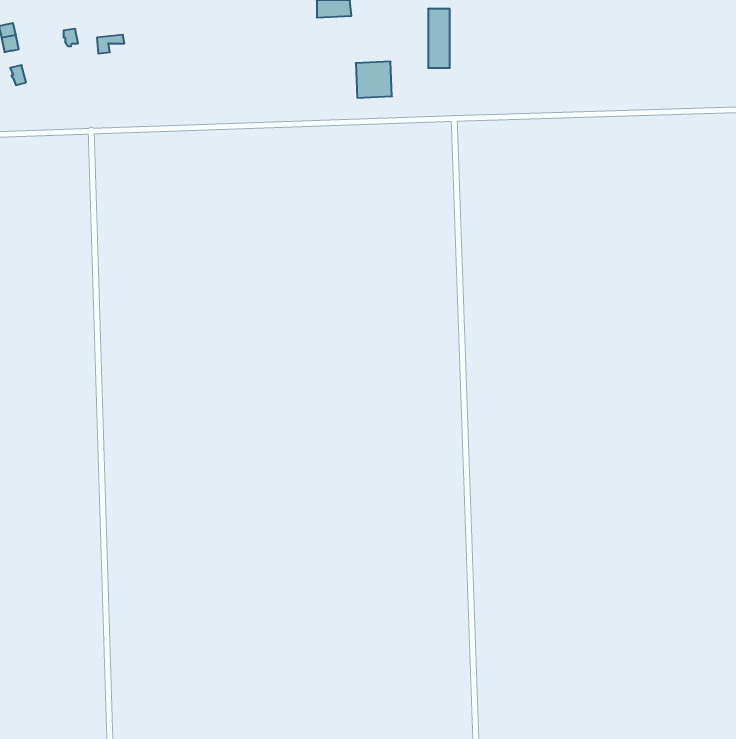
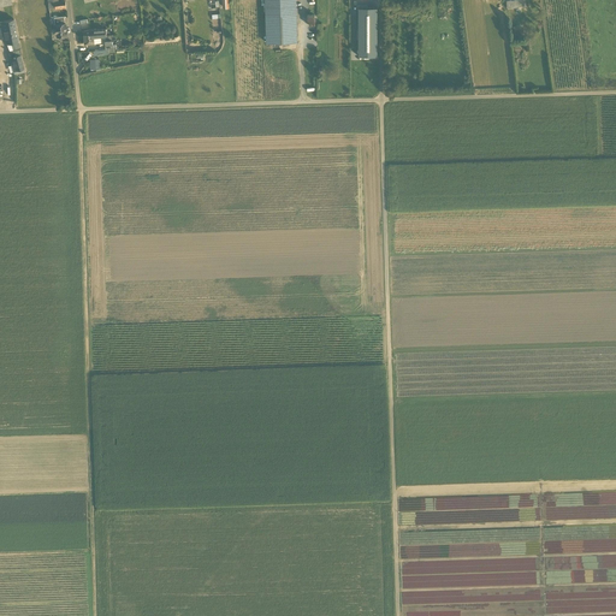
building: [356,62,392,98] -> [263,13,294,43]

